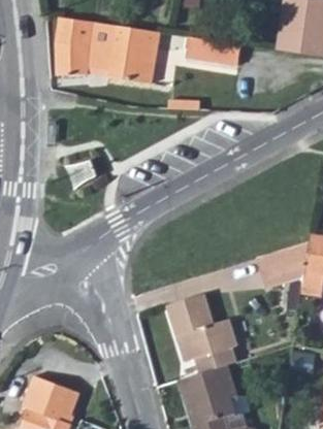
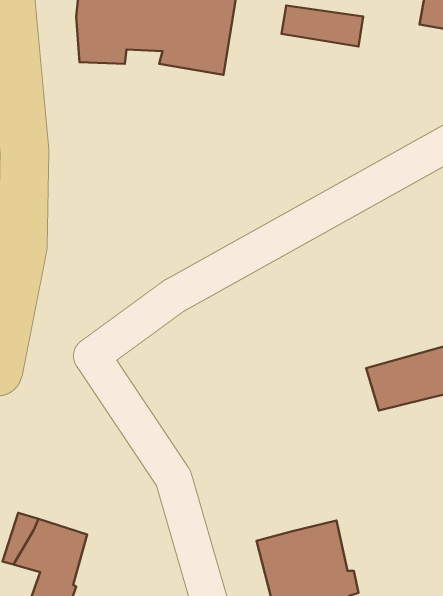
building: [164,295,237,377] -> none

